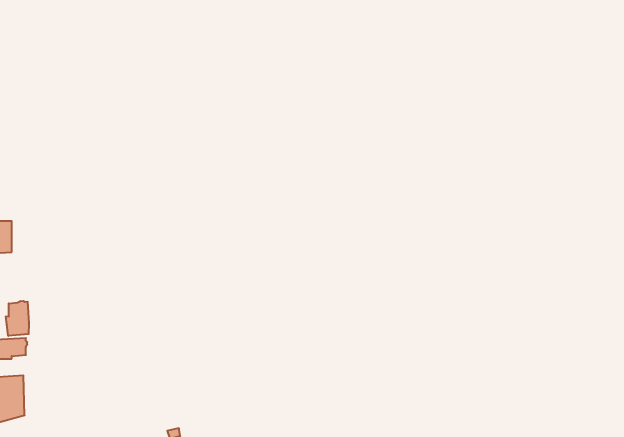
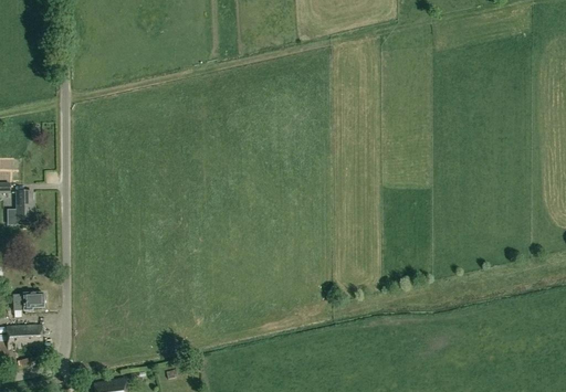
building: [6,301,29,336] -> none

